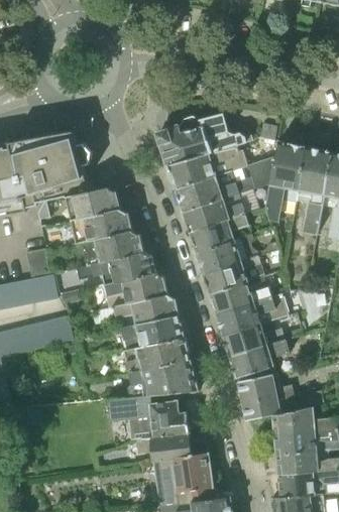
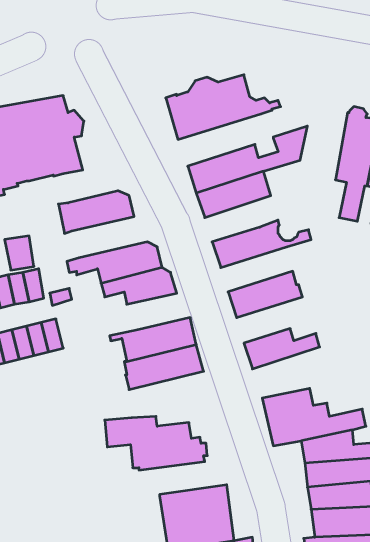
building: [265,137,309,223] -> none
building: [168,146,247,189] -> none
building: [74,187,119,220] -> none
building: [191,214,249,252] -> none
building: [81,231,143,265] -> none
building: [204,256,264,293] -> none
building: [93,294,179,325] -> none
building: [217,294,287,336] -> none
building: [230,339,290,378] -> none
building: [128,359,198,397] -> none
building: [136,433,209,461] -> none

